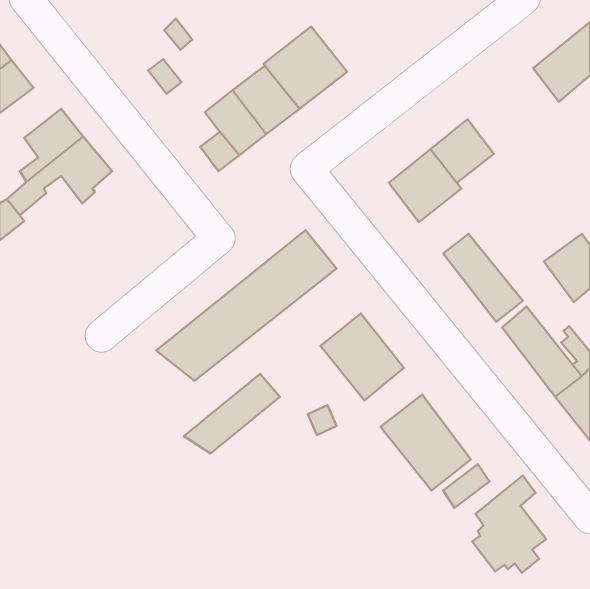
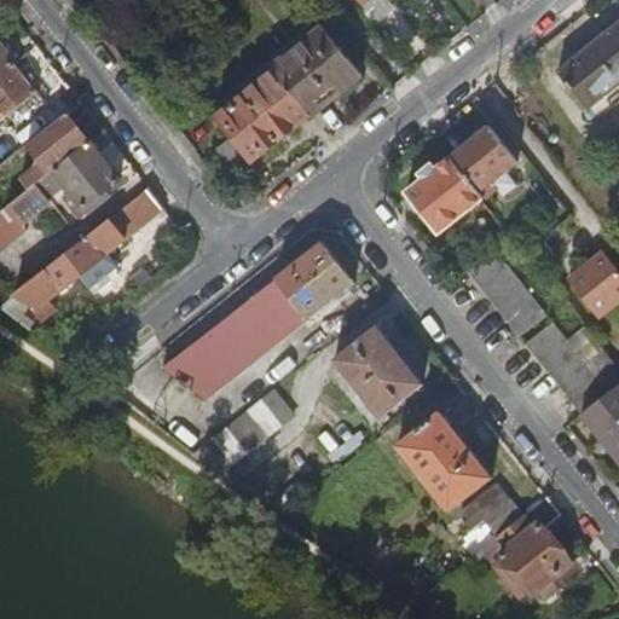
building: none -> [15,187,162,307]

